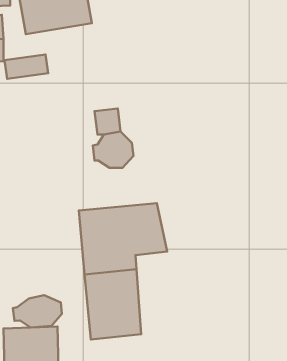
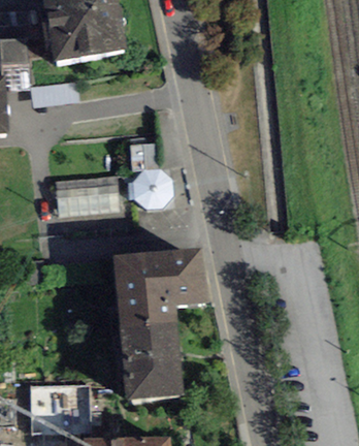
building: none -> [55,176,119,217]
building: [13,295,62,328] -> none

